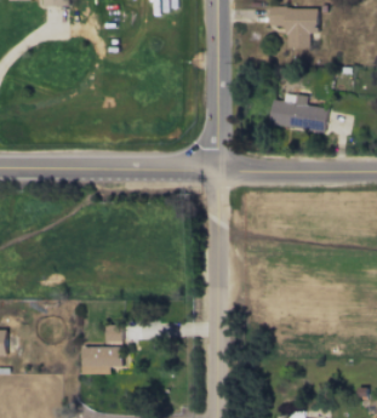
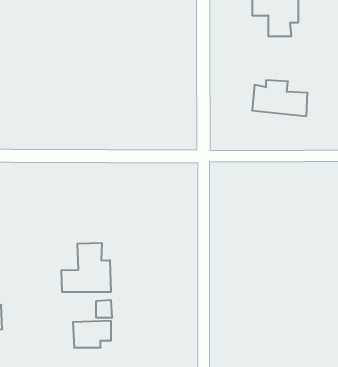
building: none -> [61,243,111,292]

